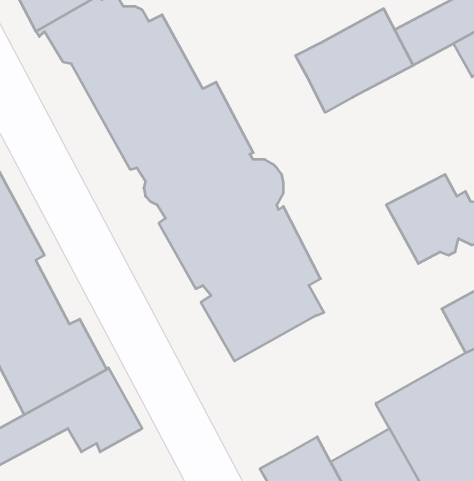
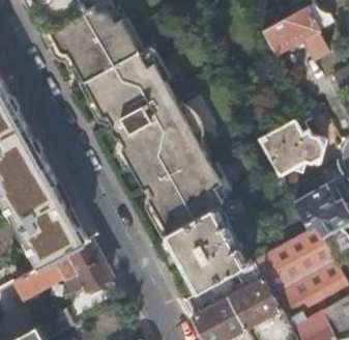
building: [296,9,413,112] -> none
building: none -> [164,205,251,292]

